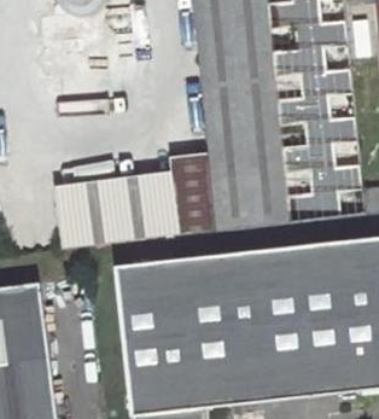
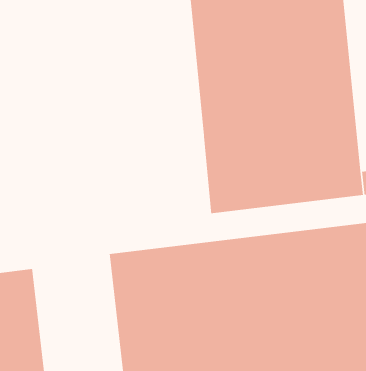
building: [54,153,215,249] -> none

